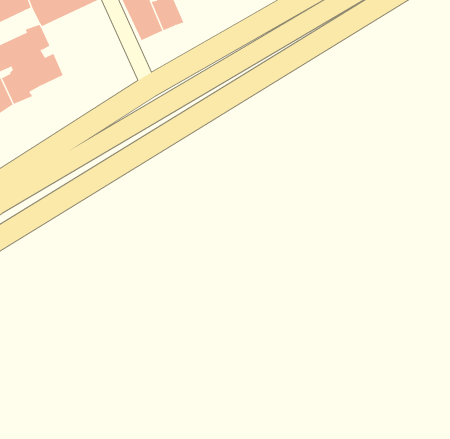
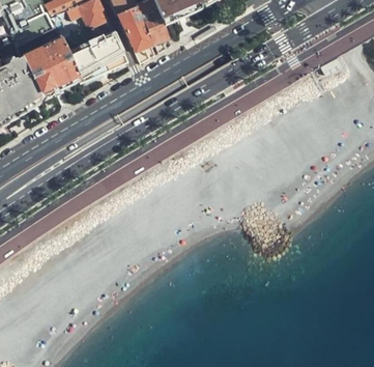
building: none -> [68,31,128,81]

